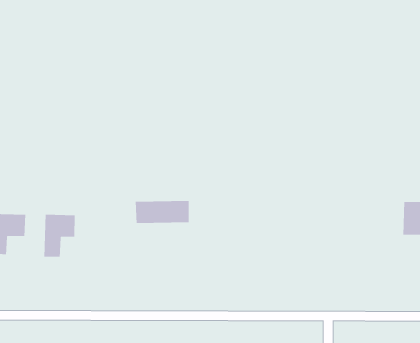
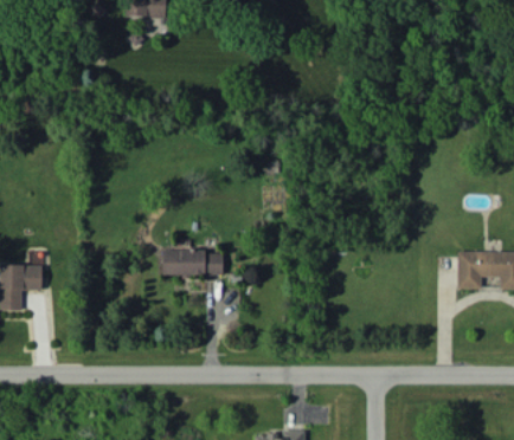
building: [44,214,75,257] -> none

